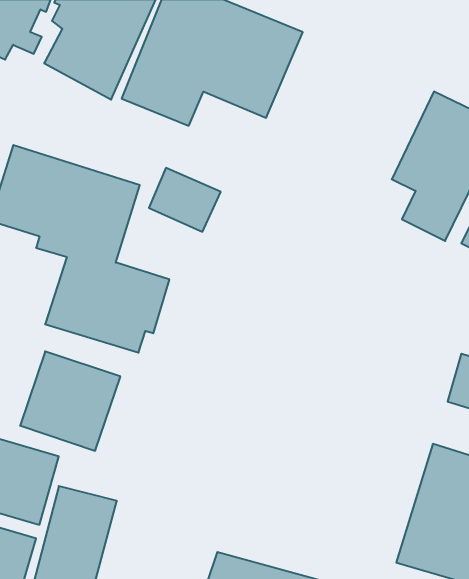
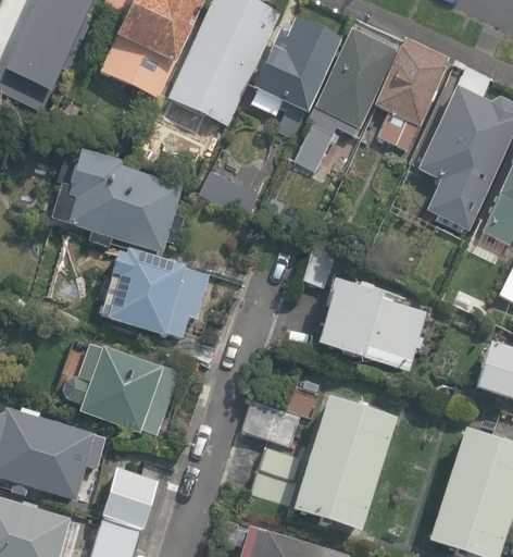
building: none -> [289,27,390,177]
building: none -> [372,34,451,151]
building: none -> [298,263,431,374]
building: none -> [237,387,399,530]

